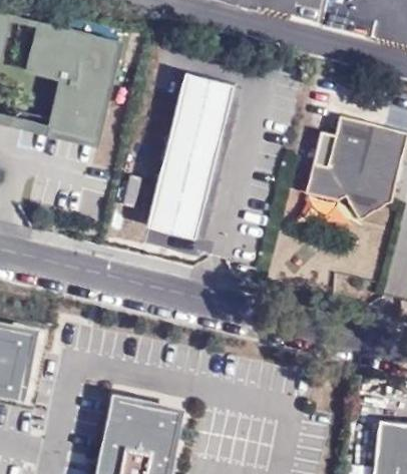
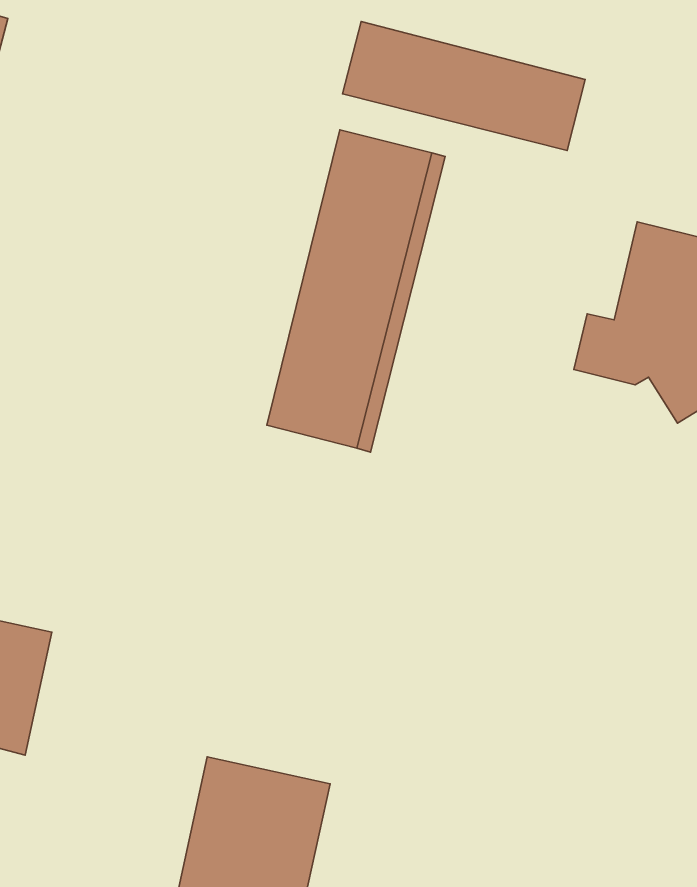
building: none -> [343,21,585,151]
building: [26,20,116,139] -> none

